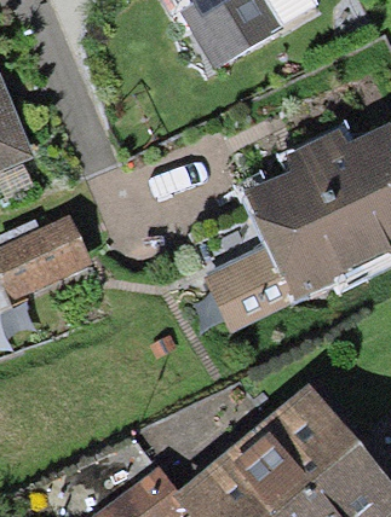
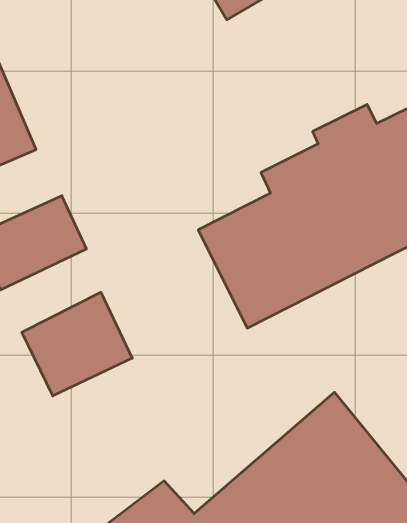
building: none -> [22,292,132,396]

